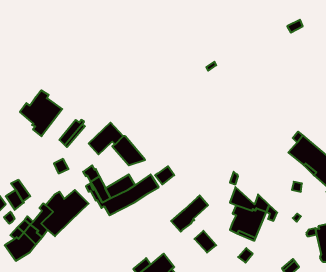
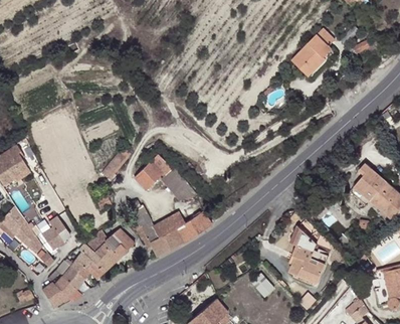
building: none -> [292,28,335,76]
building: [20,90,62,136] -> none
building: [171,195,208,232] -> none

